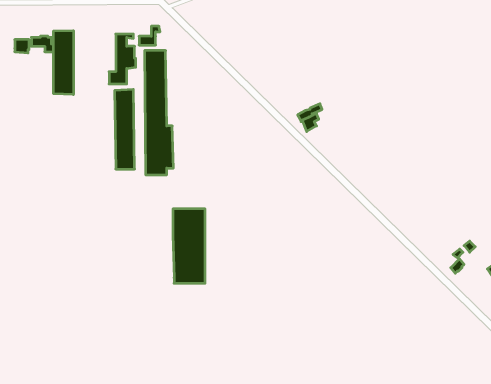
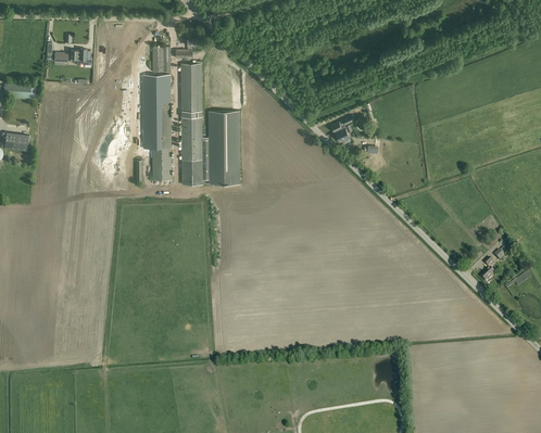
building: [54,31,73,95] -> none
building: [173,209,205,283] -> [206,111,238,183]

